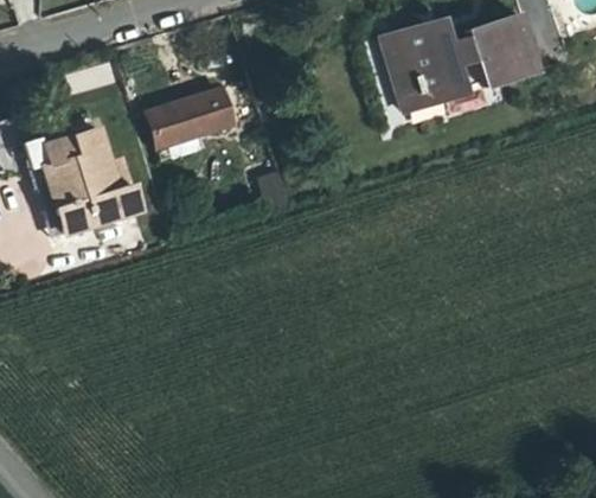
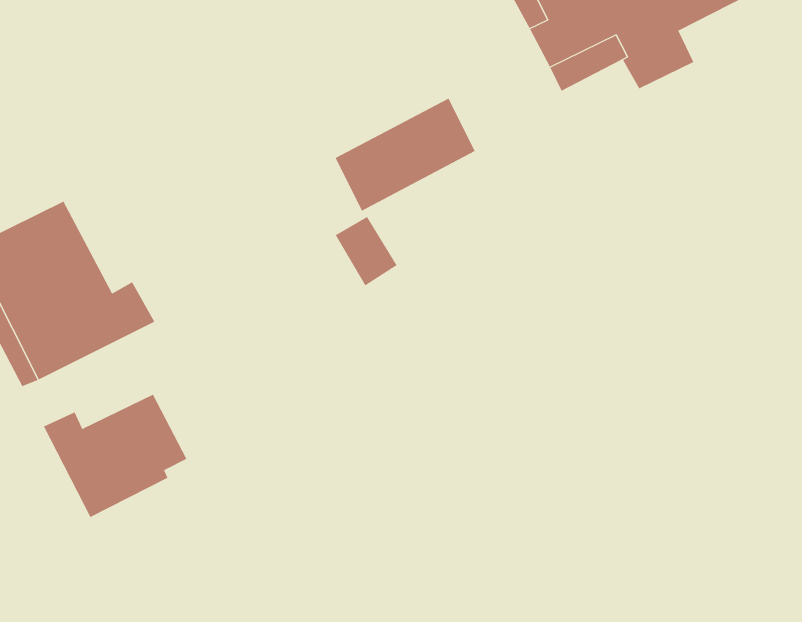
building: [154,87,238,146] -> [335,98,475,211]
building: none -> [43,394,187,518]

